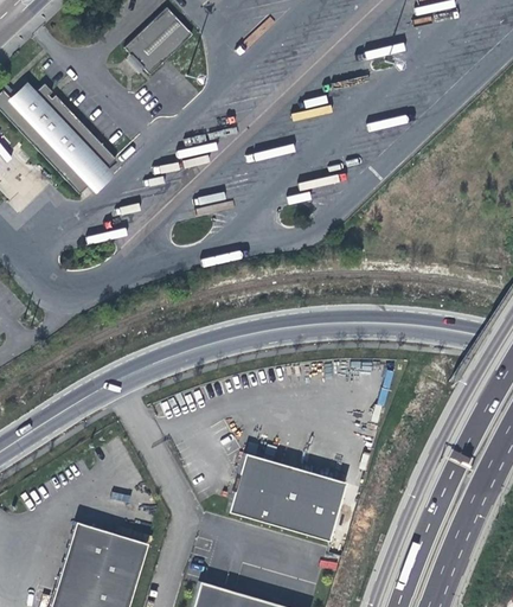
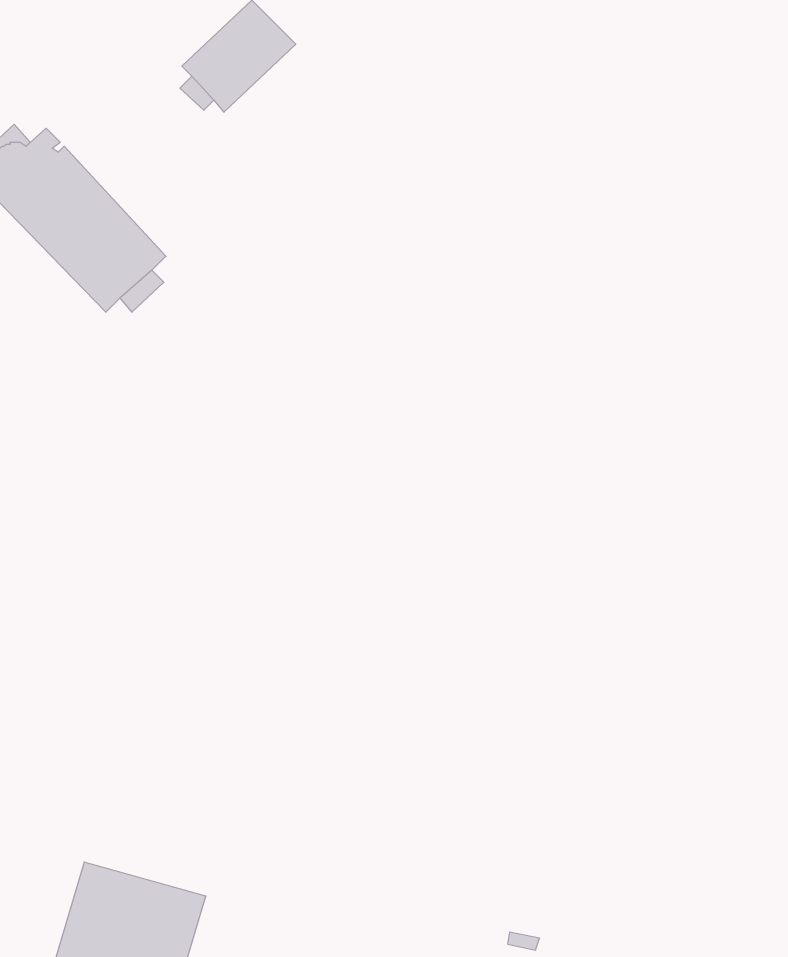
building: [224,453,344,542] -> none

